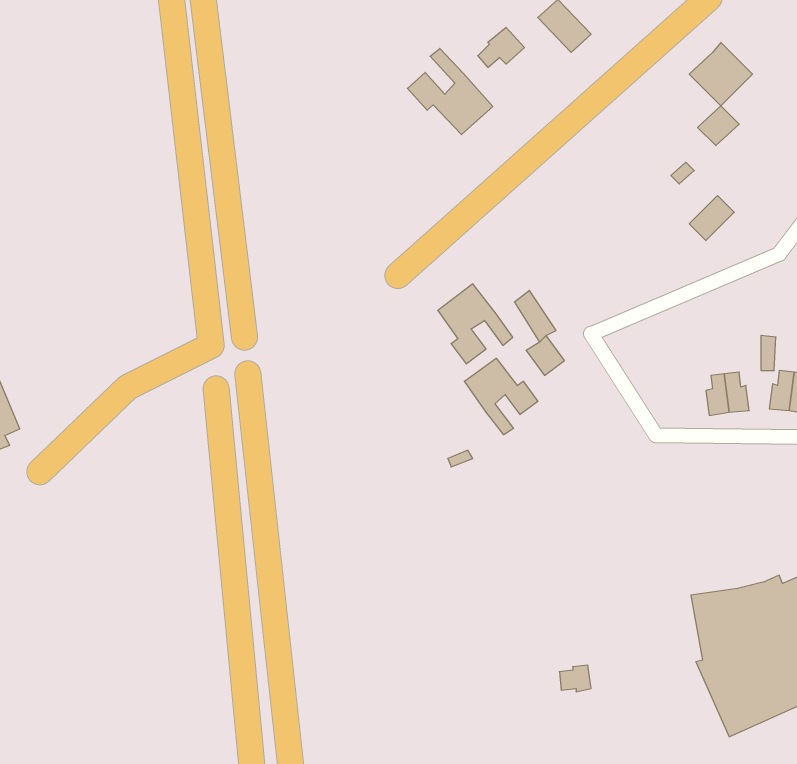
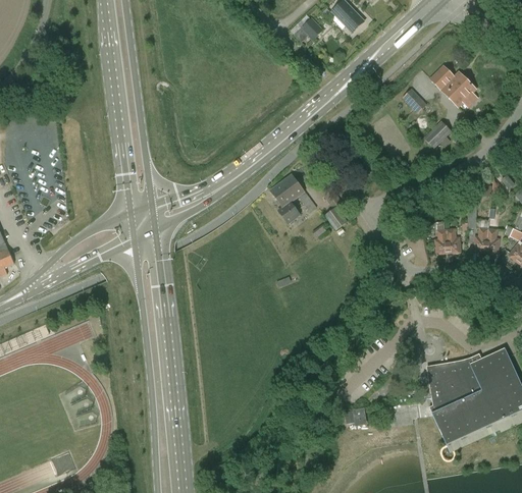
building: [689,42,753,106] -> [440,70,479,109]
building: [407,48,493,135] -> none
building: [464,358,538,435] -> none

